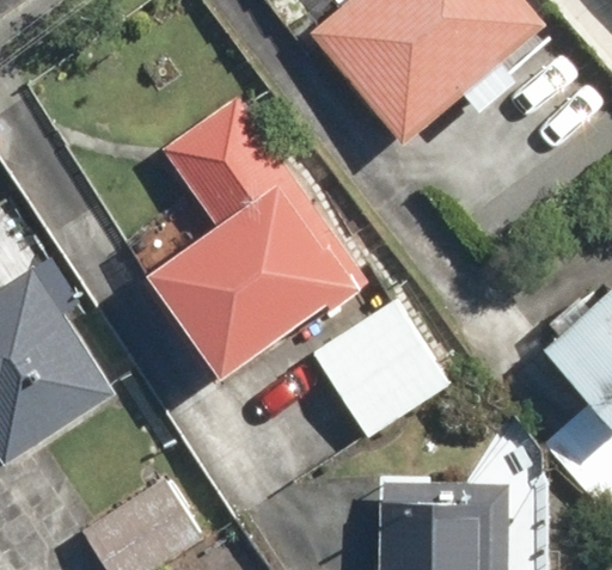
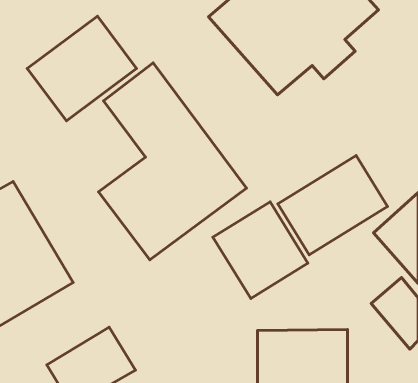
building: none -> [27,16,137,121]
building: none -> [278,156,387,255]

